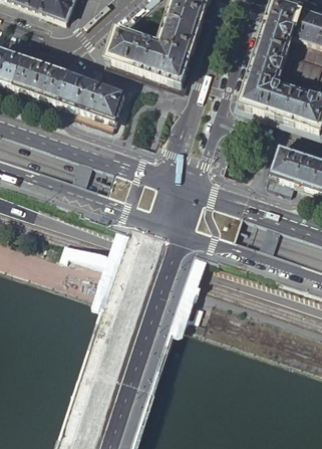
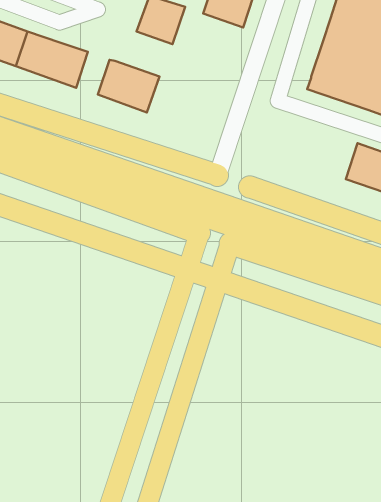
building: [135,36,191,80] -> none
building: [60,71,86,104] -> none

